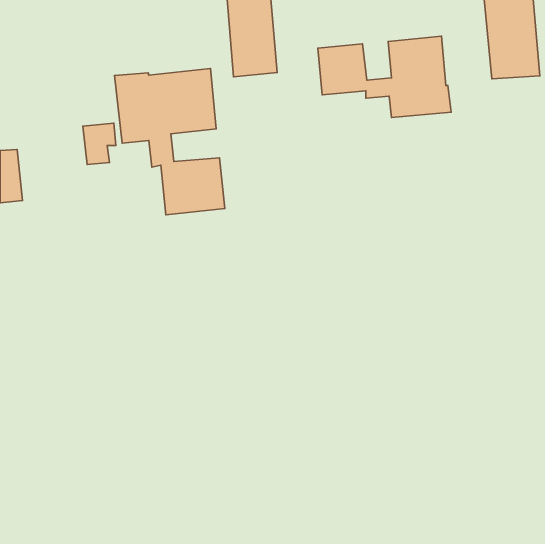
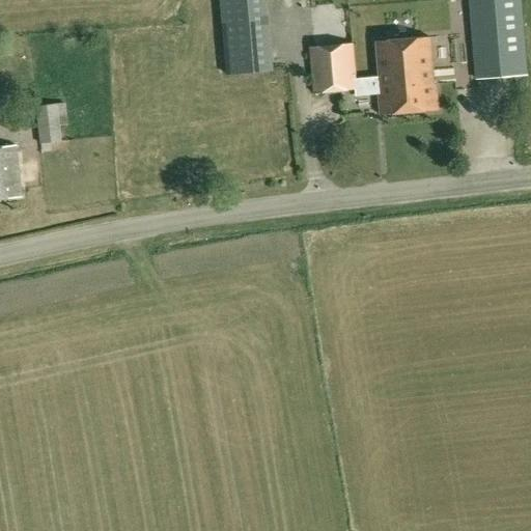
building: [115,68,225,215] -> none
building: [83,123,116,165] -> [36,102,68,142]

